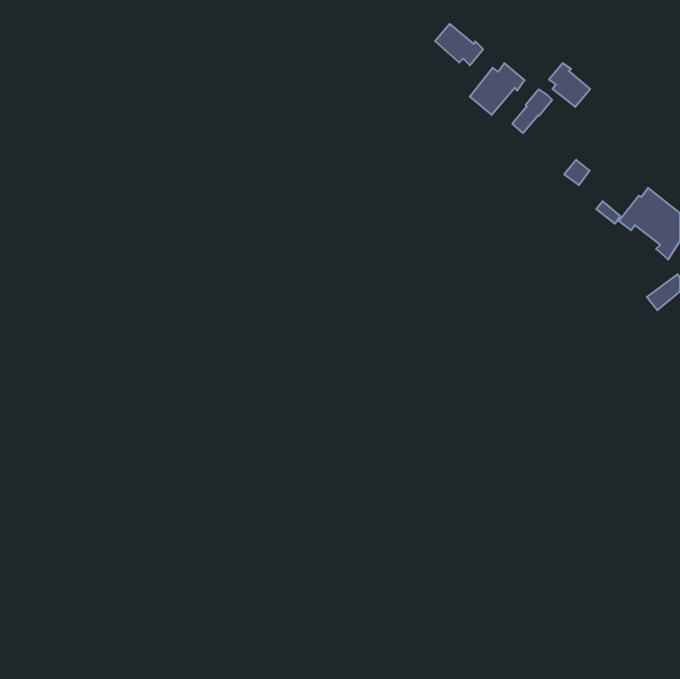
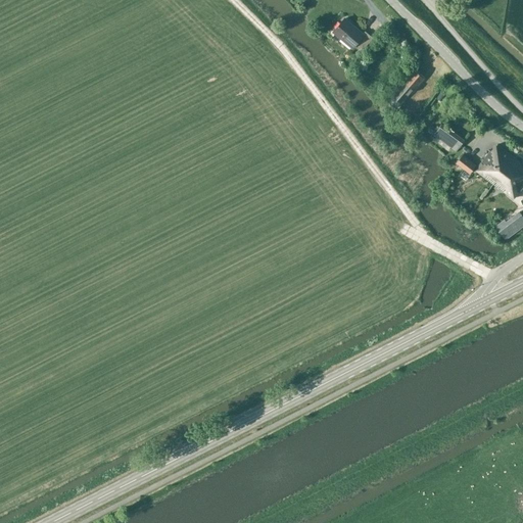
building: [470,63,525,115] -> none
building: [549,63,590,107] -> none

